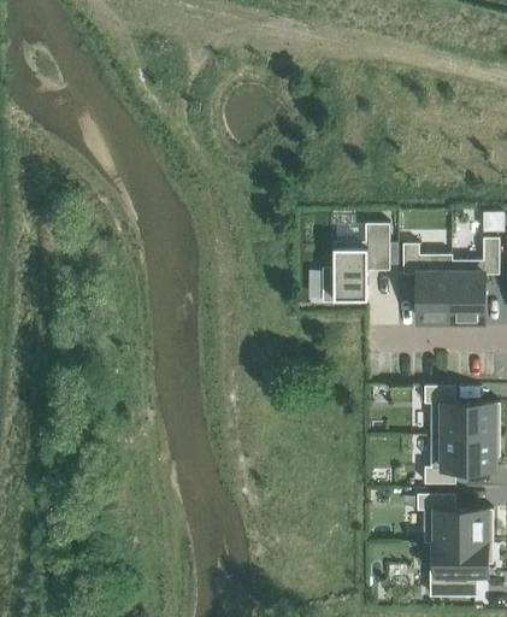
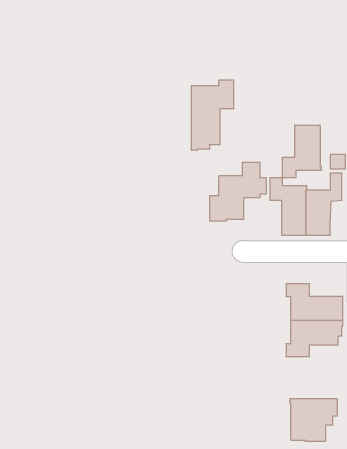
building: none -> [191,80,234,150]
building: none -> [283,125,321,178]
building: [418,494,494,543] -> none

